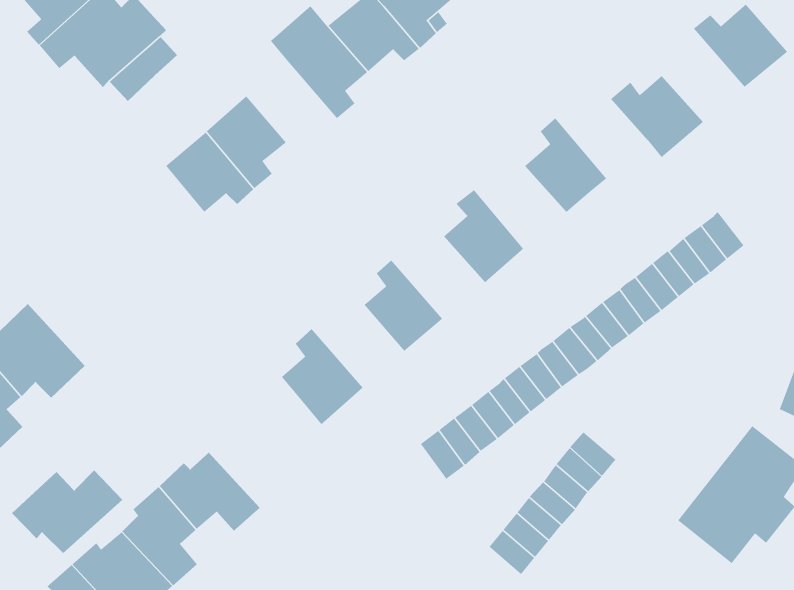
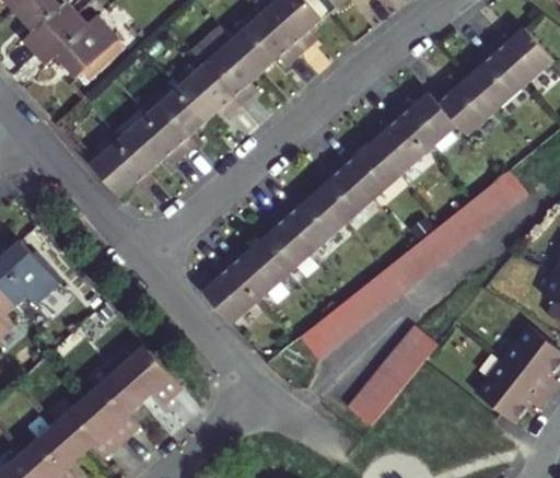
building: none -> [466,45,524,110]
building: none -> [175,68,238,125]
building: none -> [392,91,456,150]
building: none -> [89,141,152,198]
building: none -> [335,141,399,199]
building: none -> [277,190,342,248]
building: none -> [221,238,285,296]
building: [11,470,123,554] -> none

